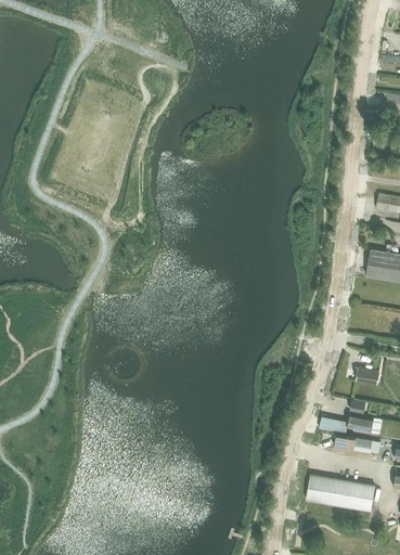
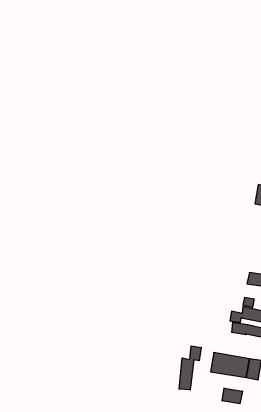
building: none -> [179,346,201,390]
building: none -> [222,388,242,404]

